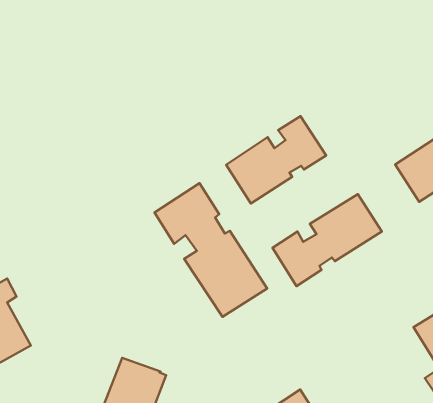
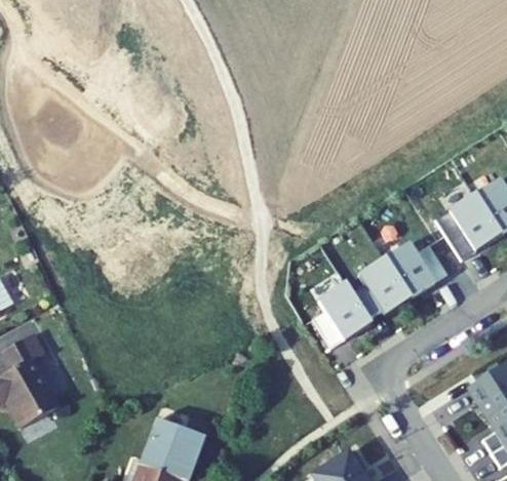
building: [226,116,326,204] -> none
building: [155,183,267,317] -> none

